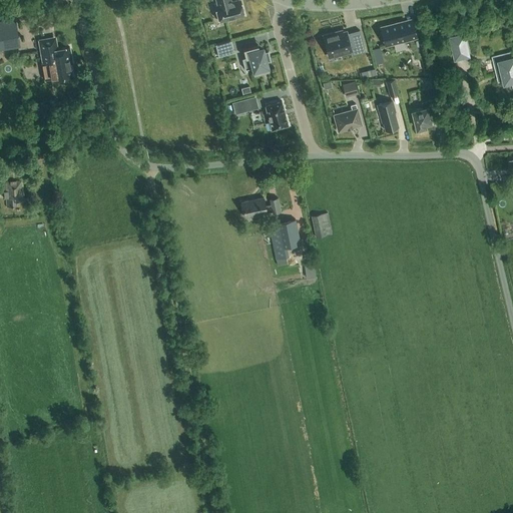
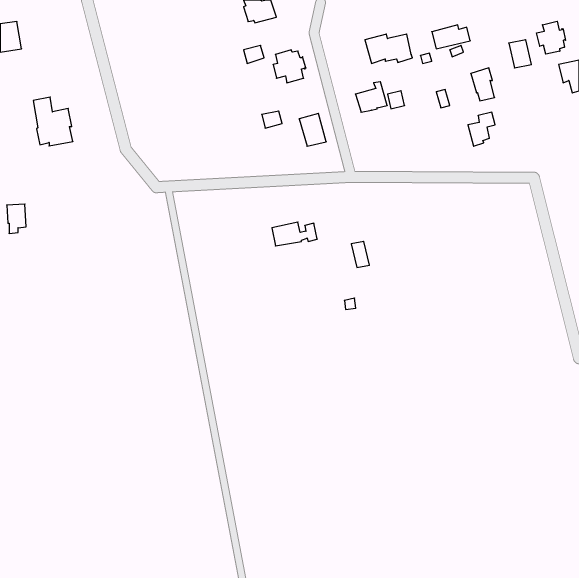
building: none -> [537,21,565,54]
building: [38,37,73,80] -> [33,97,73,146]
building: [377,101,398,130] -> [471,68,495,101]
building: [334,104,362,131] -> [355,82,387,112]
building: [269,219,301,264] -> none

